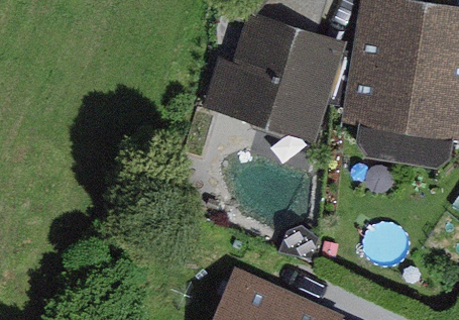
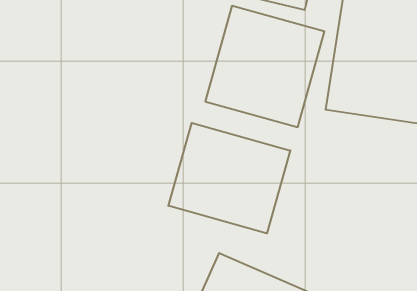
building: none -> [168,123,290,233]

